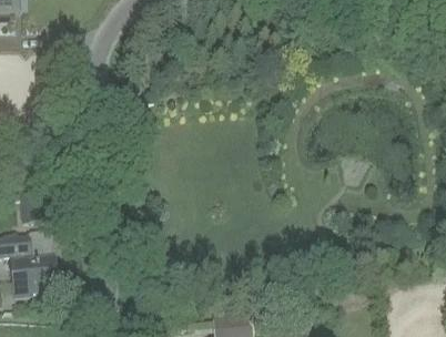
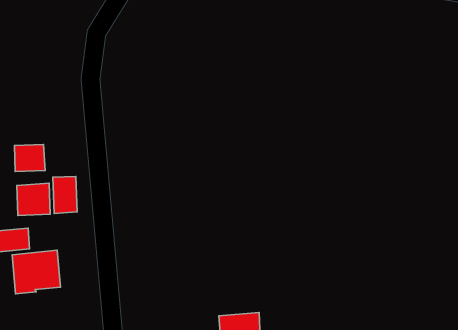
building: none -> [14,145,45,171]
building: none -> [53,177,77,213]

